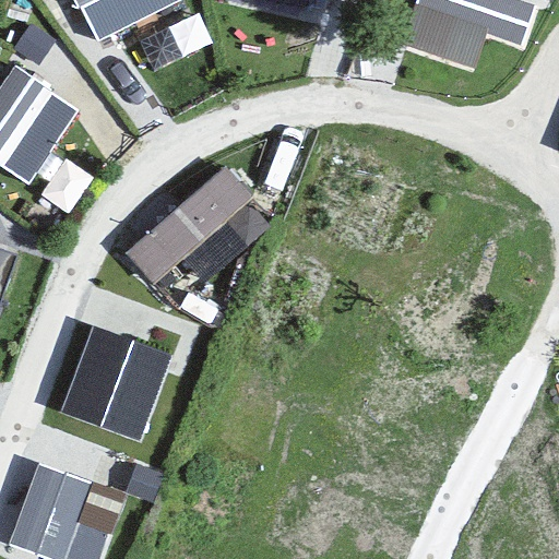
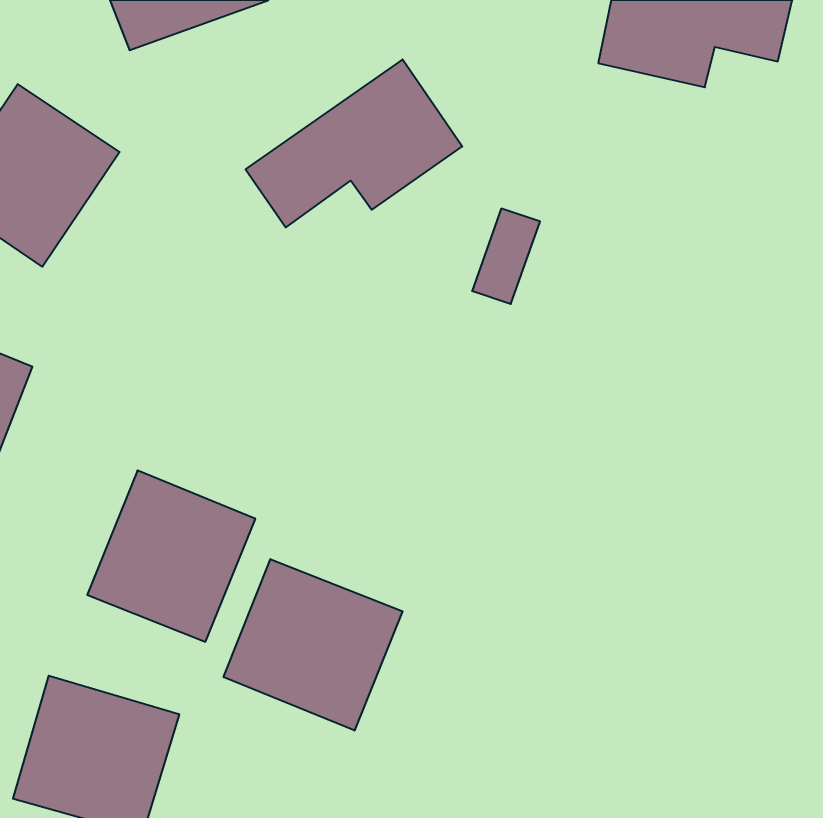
building: [123,169,270,283] -> [246,59,462,227]
building: none -> [224,559,403,731]

